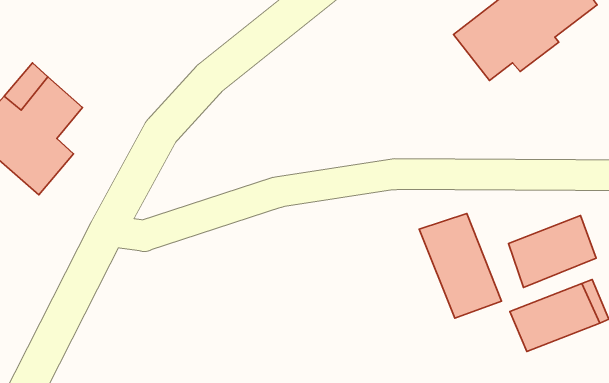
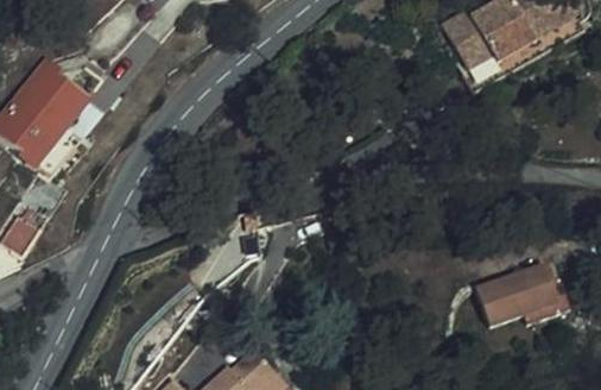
building: [419,213,501,318] -> none
building: [508,215,596,287] -> none

